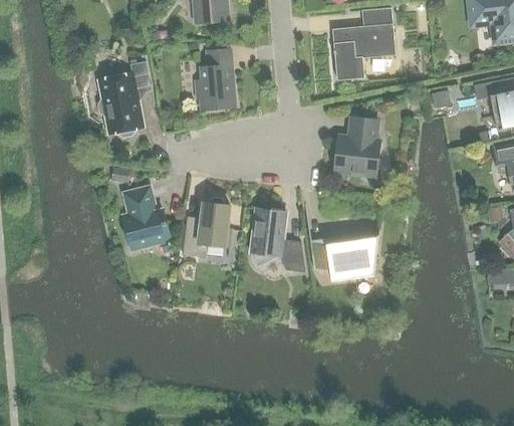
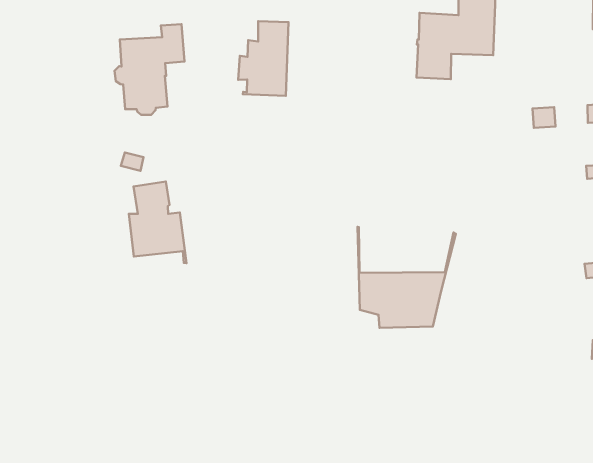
building: [333,116,380,174] -> none
building: [182,196,231,257] -> none
building: [248,207,305,271] -> none

